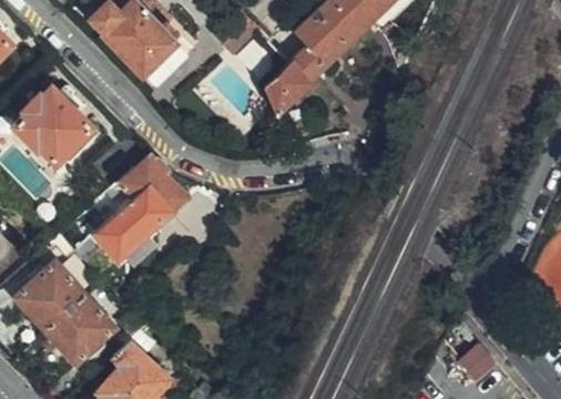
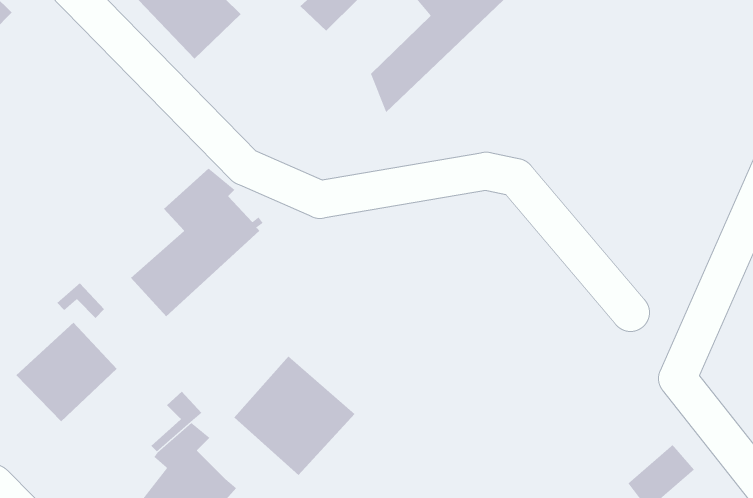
building: [11,80,93,161] -> none
building: none -> [234,355,355,476]
building: [45,295,115,365] -> none

